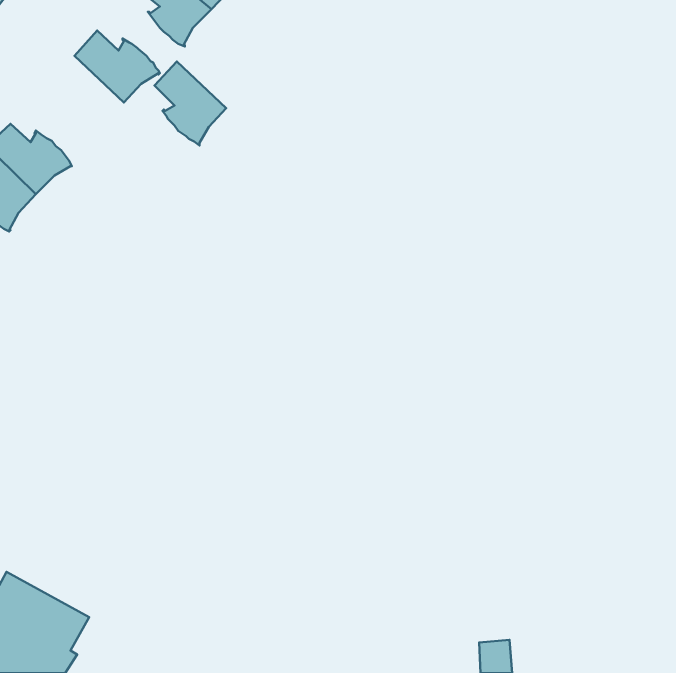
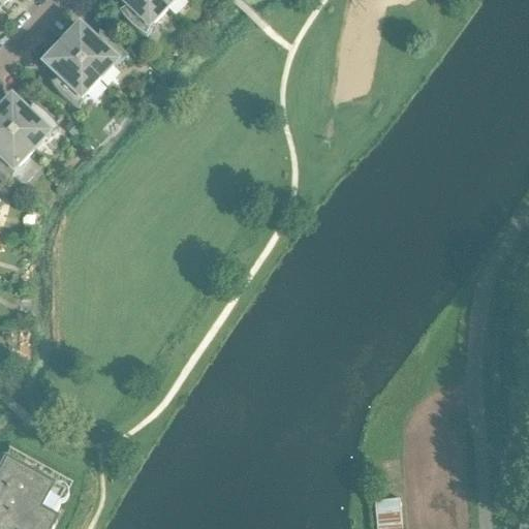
building: [154,62,226,145] -> [40,43,96,108]

